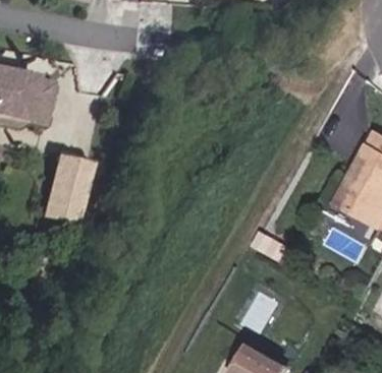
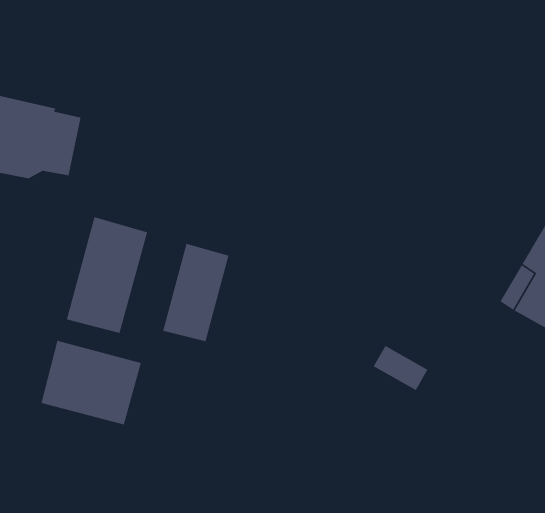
building: none -> [162,243,229,342]
building: none -> [40,340,142,426]

